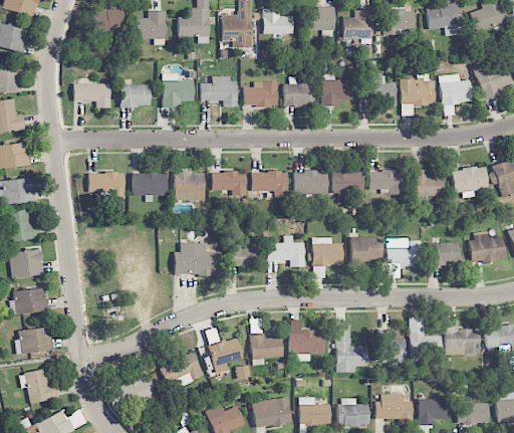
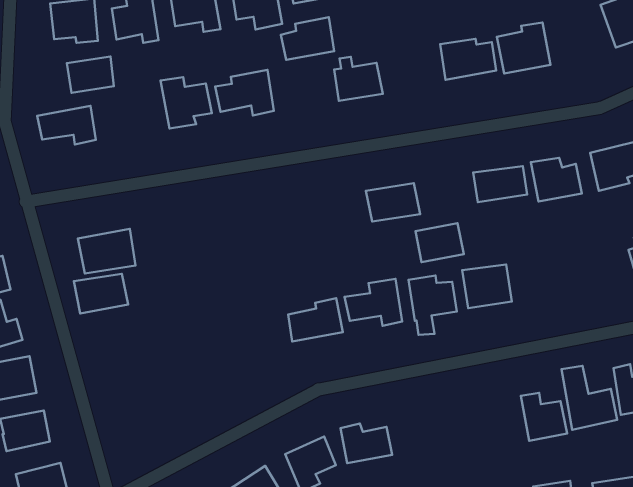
building: [321,74,352,106] -> none
building: [441,74,472,104] -> none
building: [243,81,278,106] -> [281,17,334,60]
building: [120,85,152,106] -> [67,56,114,93]
building: [333,171,364,194] -> [415,223,464,262]
building: [175,172,205,201] -> none
building: [212,172,247,196] -> none
building: [251,172,288,198] -> none
building: [133,173,168,196] -> [74,274,128,314]
building: [387,241,423,265] -> none
building: [175,243,221,275] -> none
building: [430,243,460,265] -> none
building: [290,320,324,361] -> none
building: [336,326,368,373] -> none

